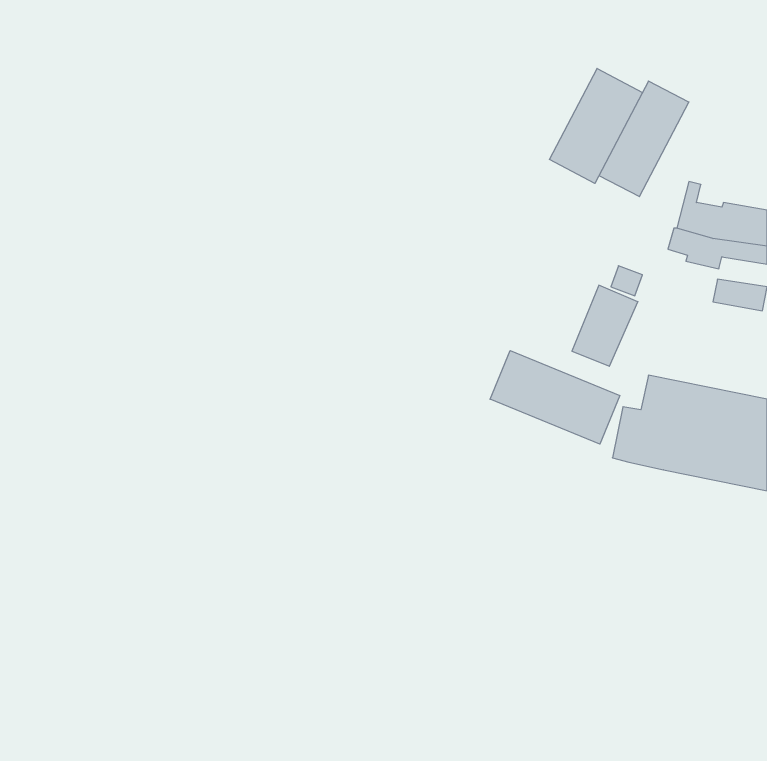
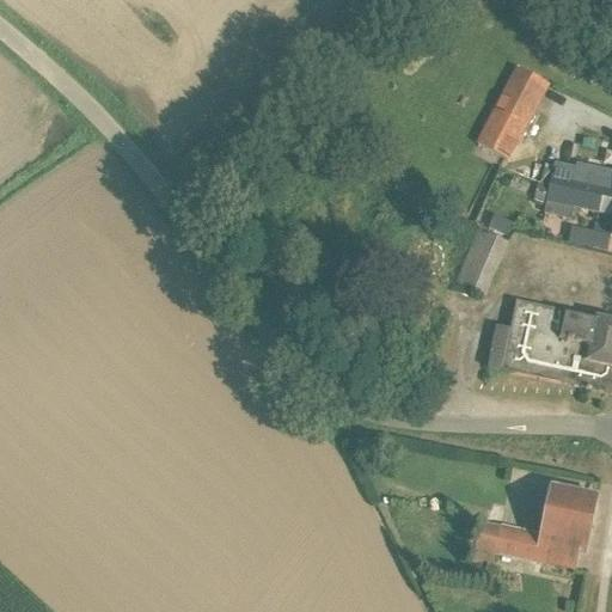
building: [549,68,642,183] -> none
building: [490,351,620,444] -> none
building: none -> [473,481,598,567]

